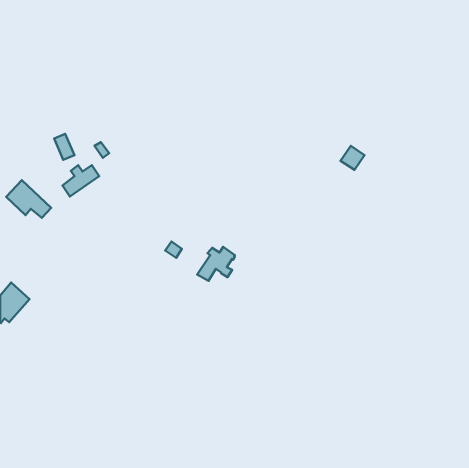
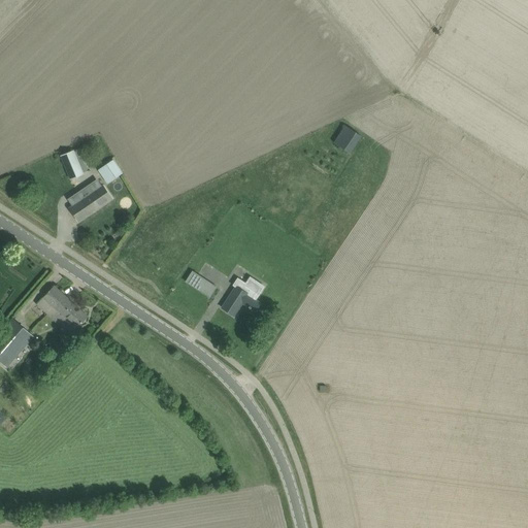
building: [341,146,364,170] -> [334,127,361,154]
building: [6,180,51,218] -> [37,287,88,329]

